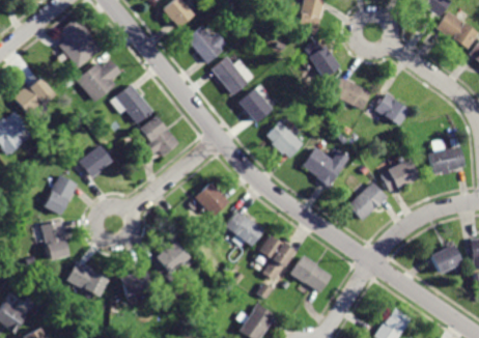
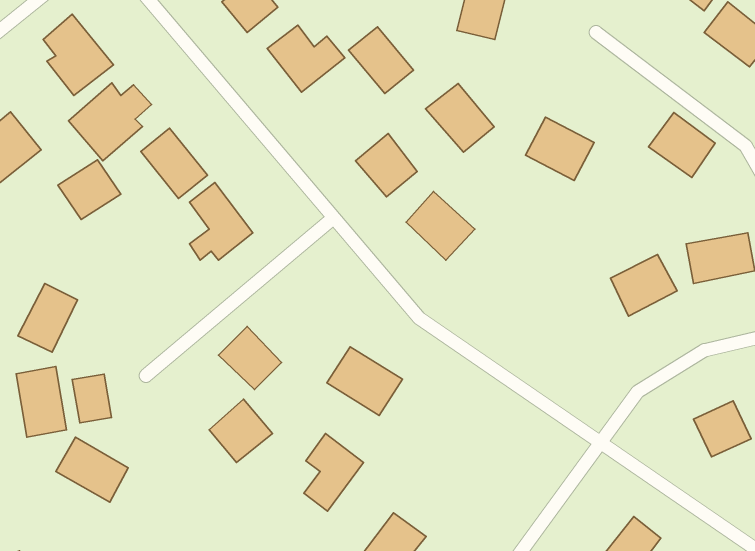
building: [306,43,345,82] -> [425,83,494,152]
building: [210,56,248,94] -> [349,27,414,94]
building: [374,90,413,128] -> [648,113,715,178]
building: [80,145,116,179] -> [58,160,121,219]
building: [306,150,349,186] -> none
building: [193,180,229,217] -> [218,326,282,390]
building: [348,180,389,220] -> none
building: none -> [72,374,112,423]
building: [259,235,293,280] -> [304,434,363,511]
building: [291,256,333,293] -> none
building: [117,269,151,301] -> none

